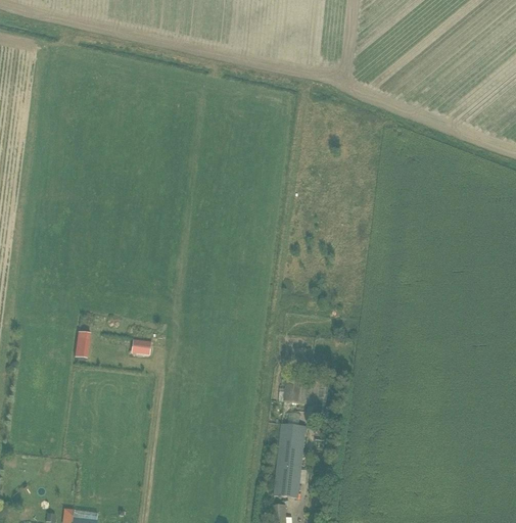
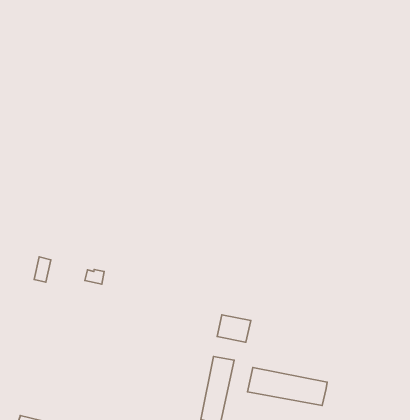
building: none -> [248,367,327,405]

